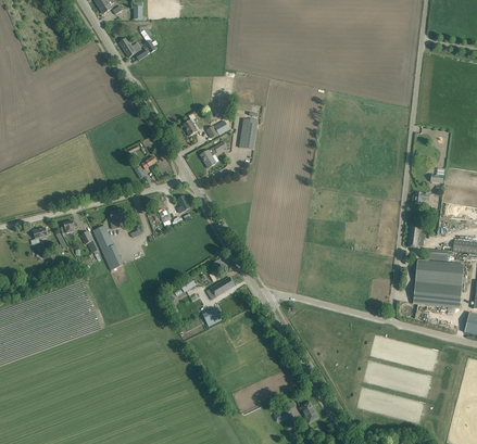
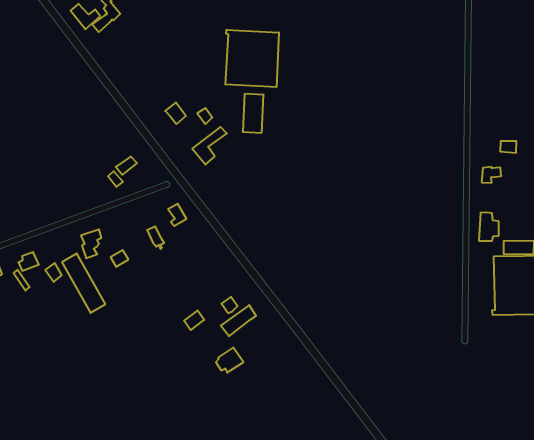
building: none -> [225,30,279,87]

